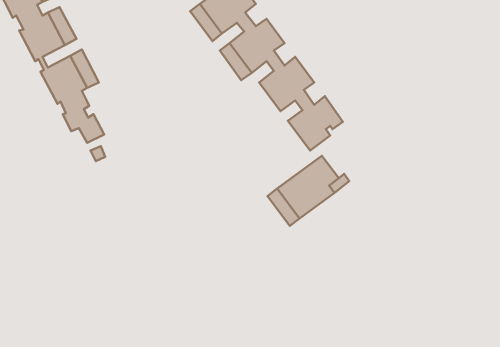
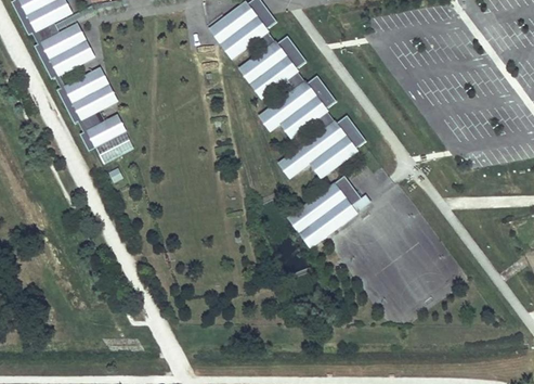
building: none -> [259,100,302,138]
building: none -> [102,114,134,153]
building: none -> [279,139,333,177]

